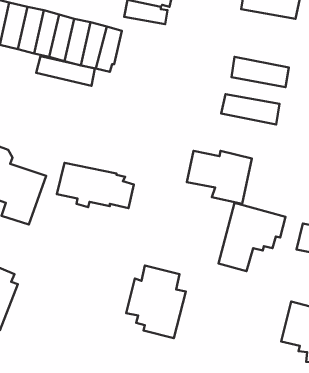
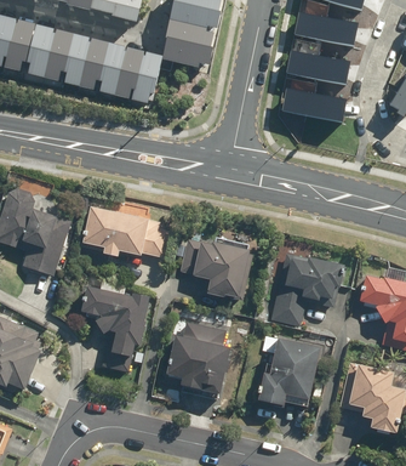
building: none -> [160,42,210,68]
building: [36,56,95,86] -> none
building: [221,94,280,124] -> [285,50,350,84]
building: [187,151,252,204] -> [177,239,250,299]
building: none -> [78,286,148,375]
building: none -> [256,339,318,408]

